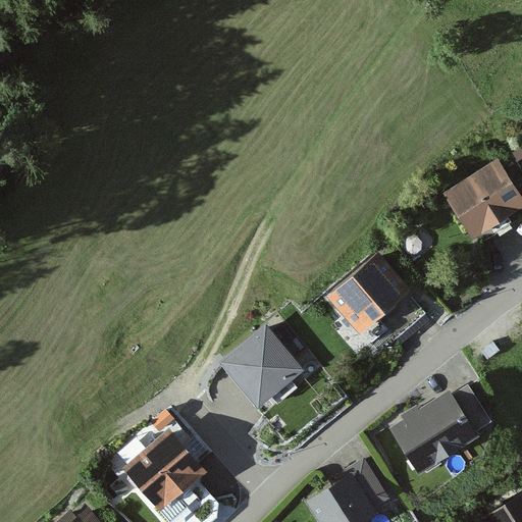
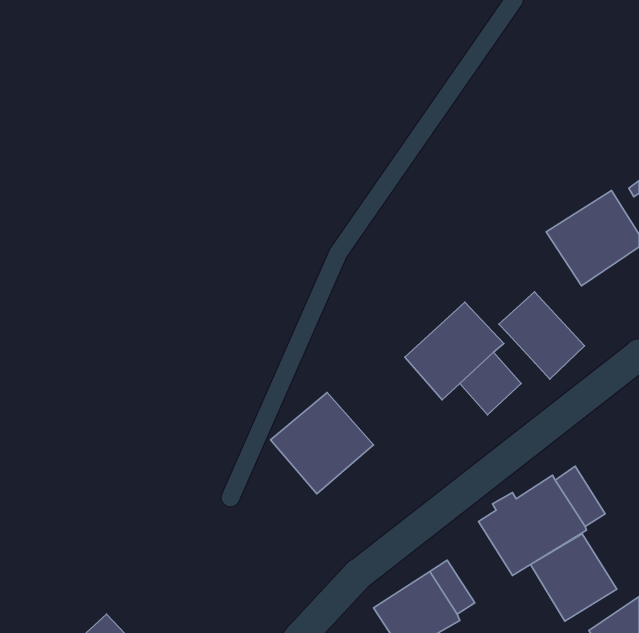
building: none -> [499,292,585,379]
building: [123,426,206,508] -> none
building: none -> [530,534,617,621]

